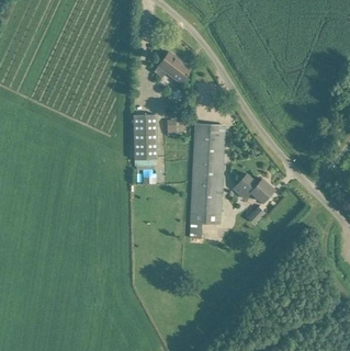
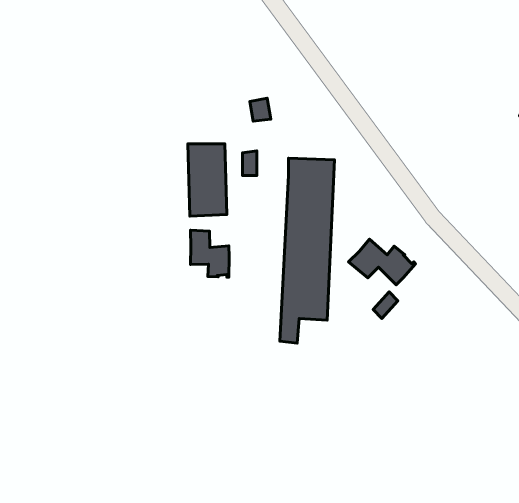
building: [155,50,191,81] -> none
building: none -> [190,230,229,277]

